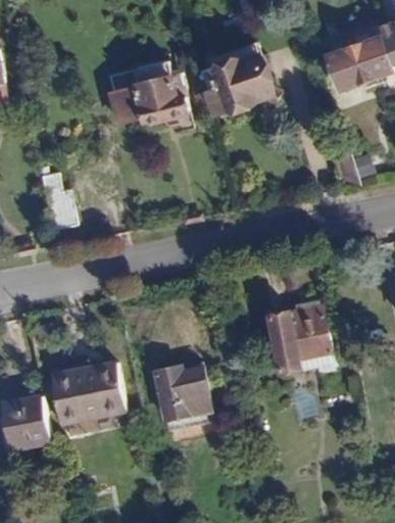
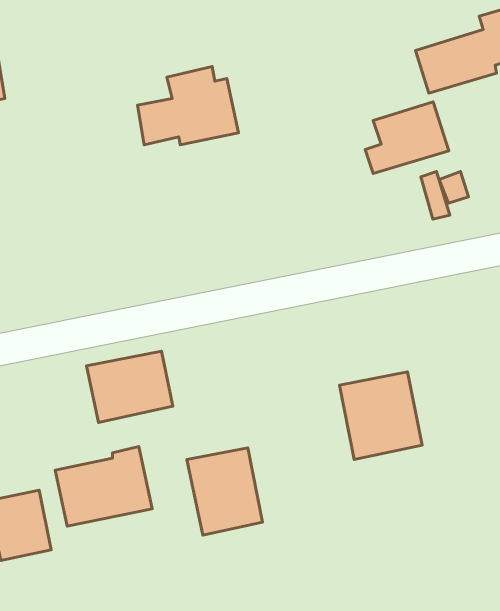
building: [207,56,271,111] -> [365,102,449,174]
building: [39,164,77,226] -> none
building: none -> [87,351,173,422]

